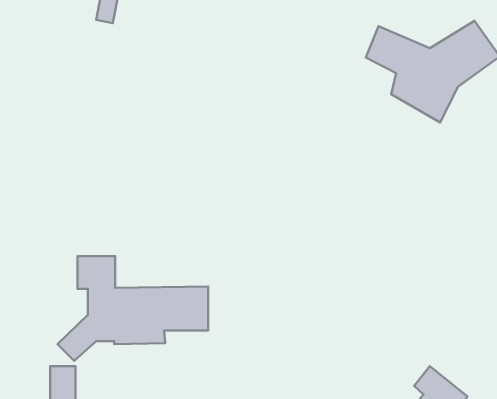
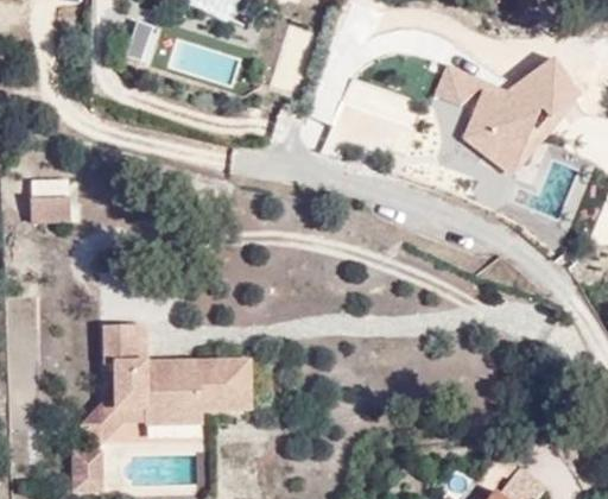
building: none -> [27,177,71,219]

